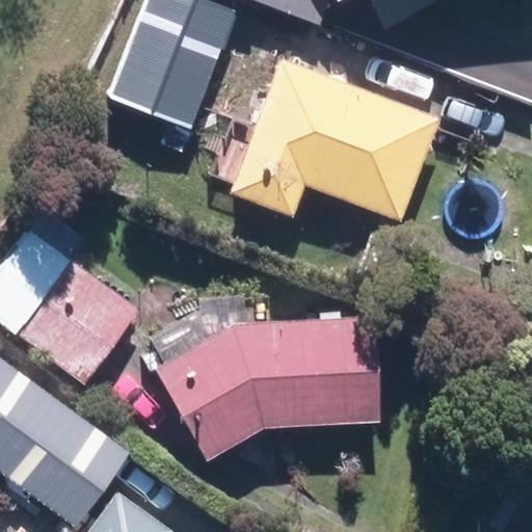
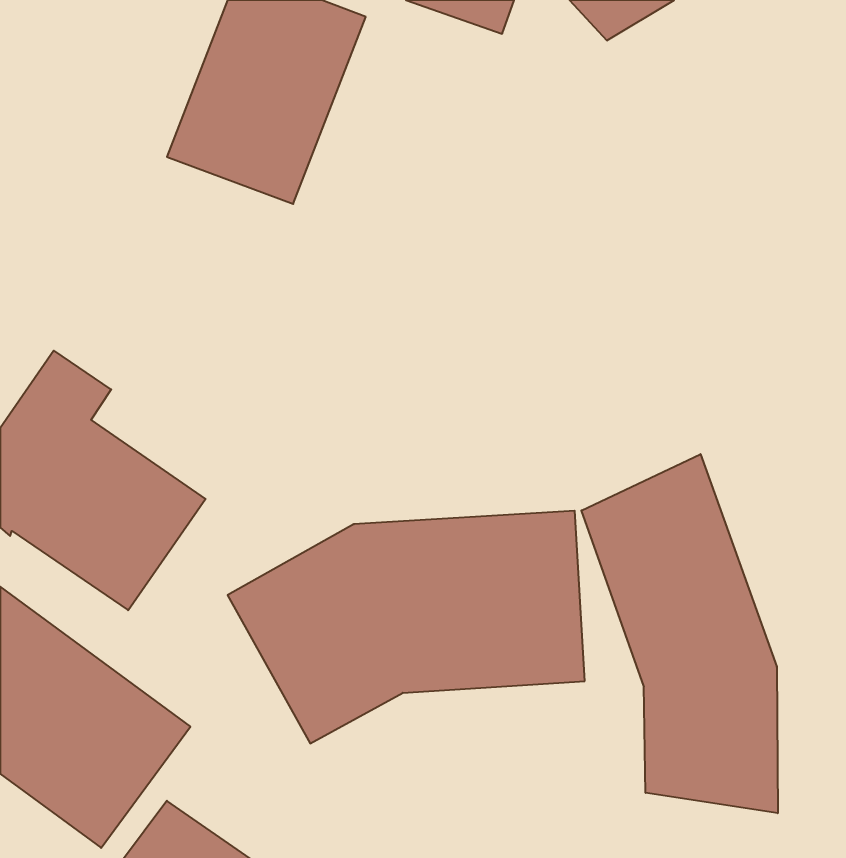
building: [229,59,432,217] -> none
building: none -> [581,454,778,813]

